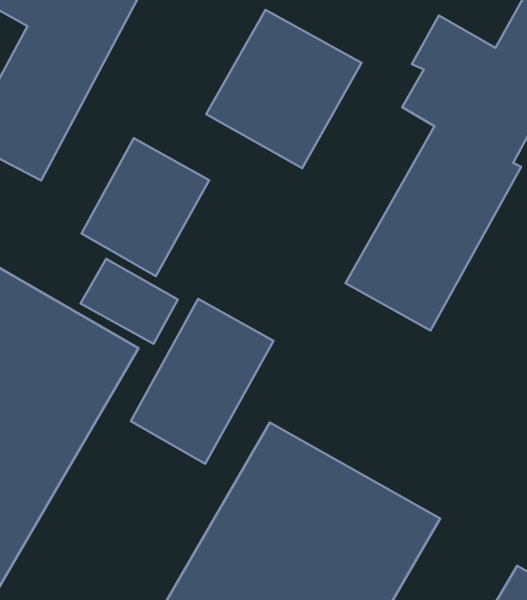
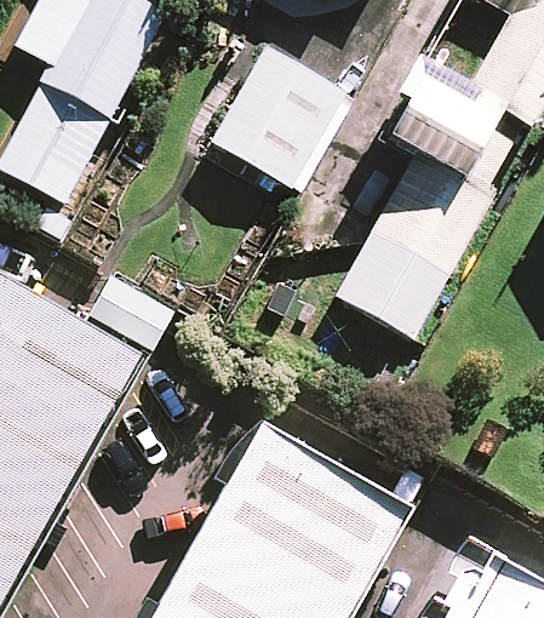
building: [81,138,209,276] -> none
building: [131,299,274,464] -> none

